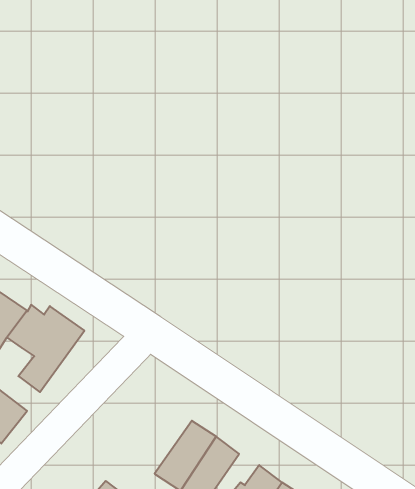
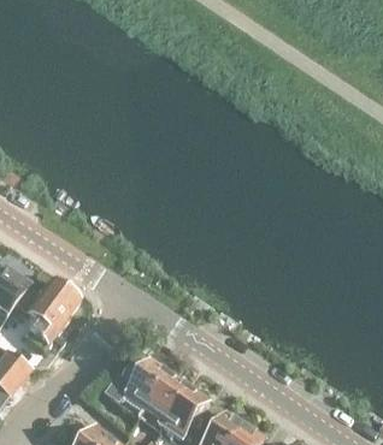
building: none -> [119,361,167,419]

